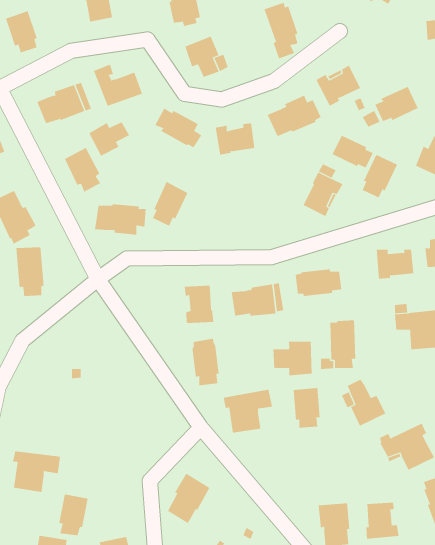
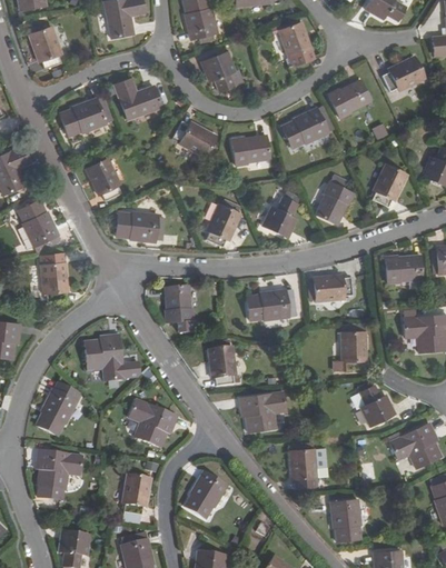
building: [375,86,419,122] -> [381,57,424,91]
building: [89,122,130,156] -> none
building: [332,135,373,169] -> none
building: [152,181,188,226] -> [206,203,240,247]
building: none -> [261,191,298,238]
building: [184,285,214,323] -> [163,286,192,322]
building: none -> [83,335,139,380]
building: [273,341,312,376] -> none
building: none -> [36,385,79,435]
building: [293,388,321,428] -> [289,449,316,488]
building: none -> [130,398,177,447]
building: [58,494,88,536] -> [121,474,150,514]
building: [366,502,399,539] -> none

